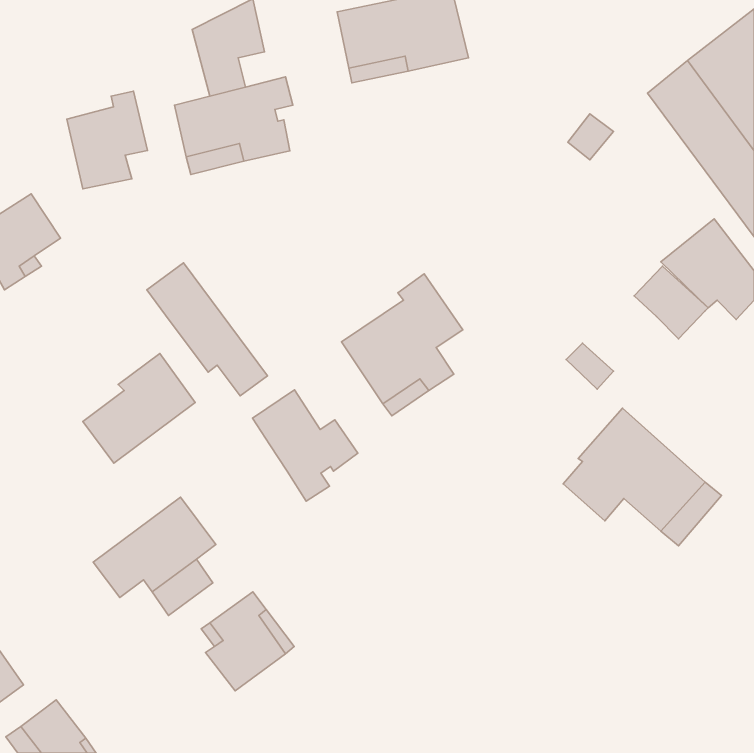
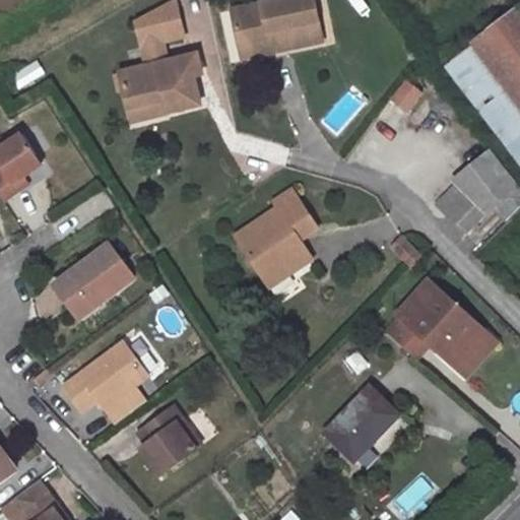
building: [67,91,148,189] -> none
building: [147,263,267,396] -> none
building: [253,390,358,501] -> none
building: none -> [324,385,400,461]

